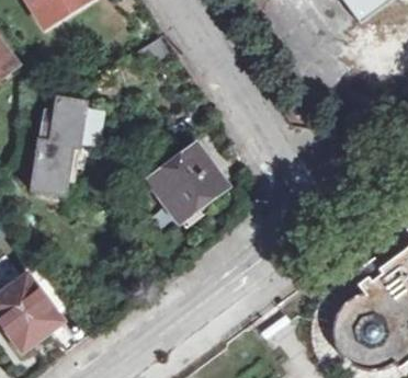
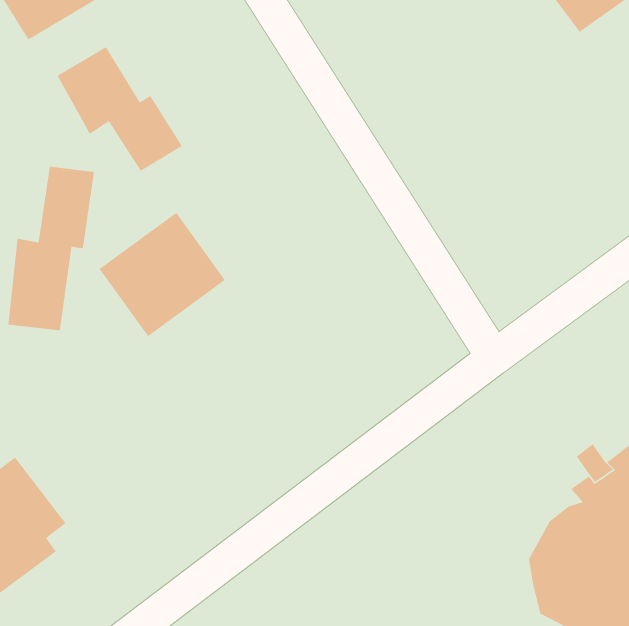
building: none -> [56,46,183,172]
building: [151,146,225,218] -> [98,212,226,337]

